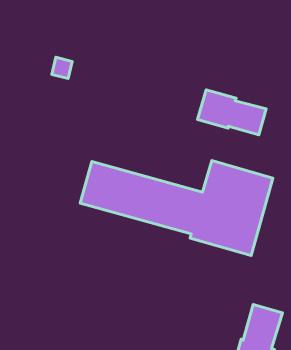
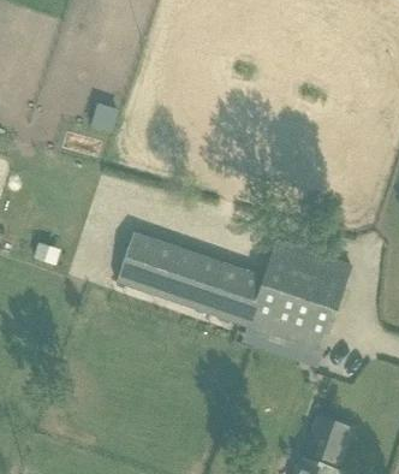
building: [198,90,266,135] -> none

